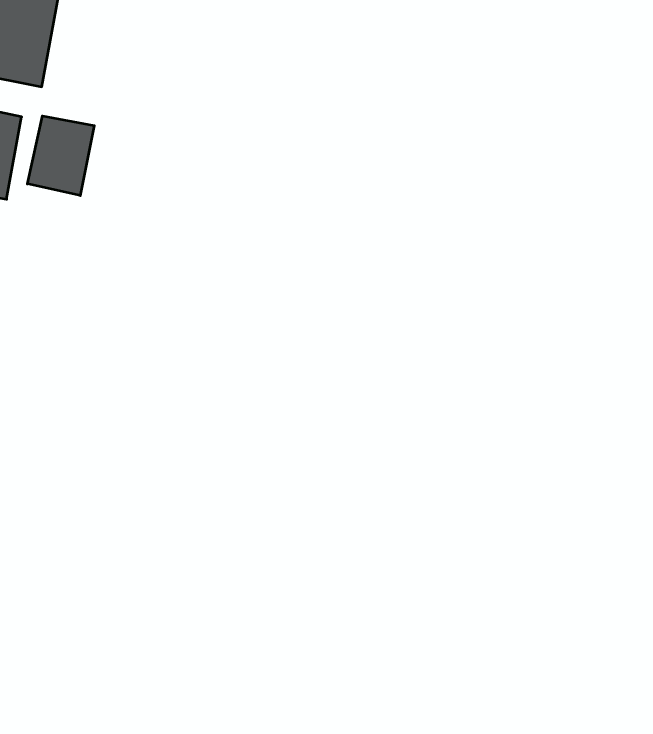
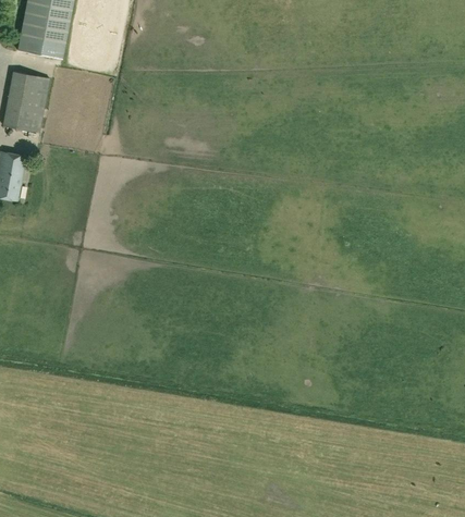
building: [27,116,94,196] -> none

